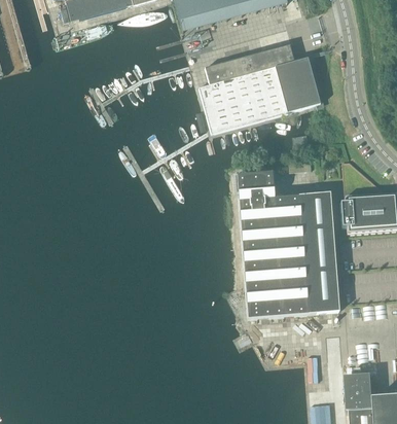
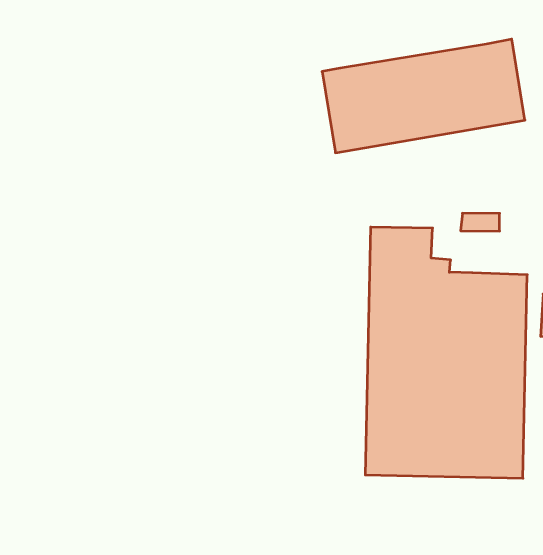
building: [205,44,294,84] -> none

